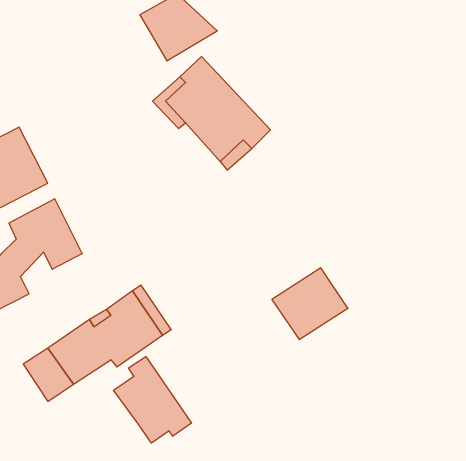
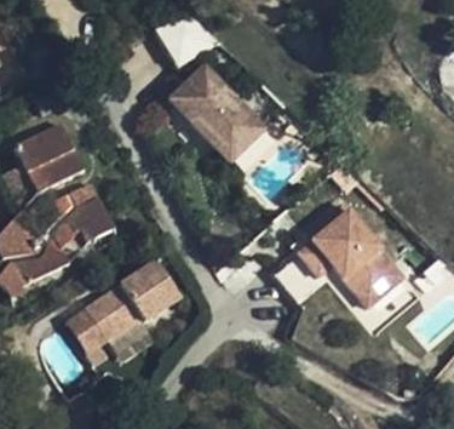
building: none -> [310,205,407,309]
building: [114,357,192,443] -> none

